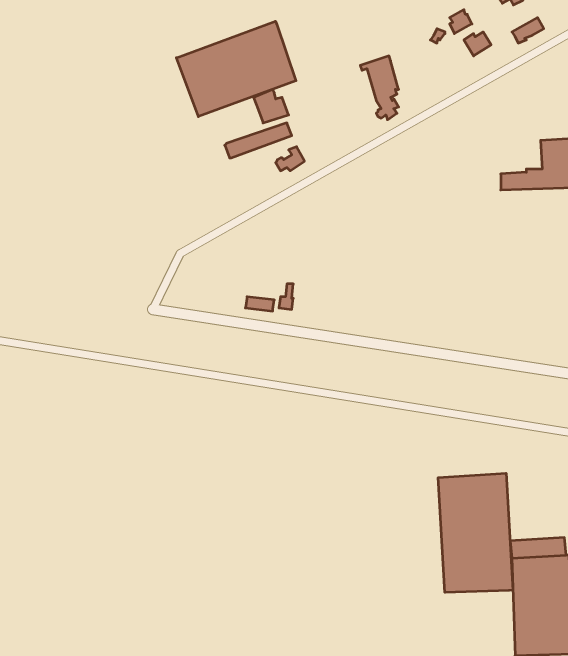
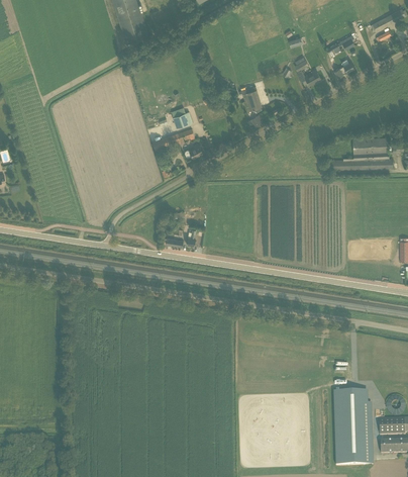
building: [176,21,296,117] -> none
building: [438,473,513,592] -> none

